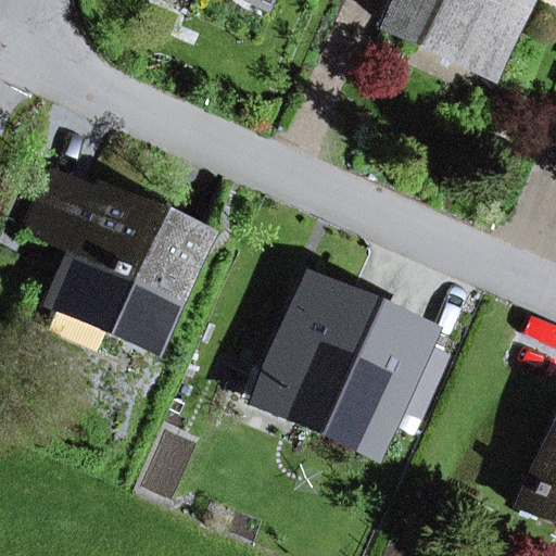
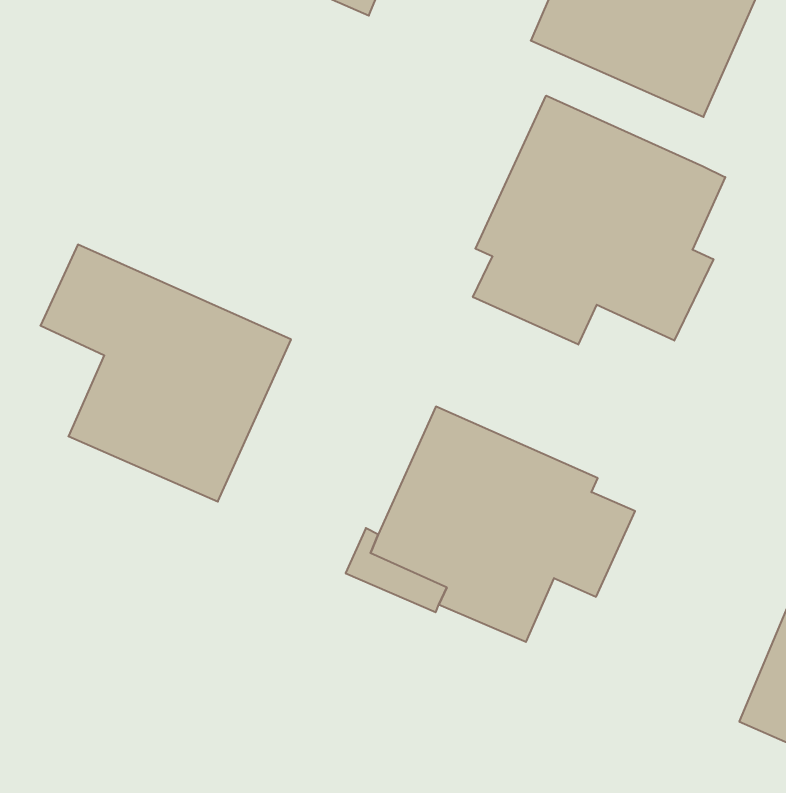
building: none -> [473,96,725,345]

